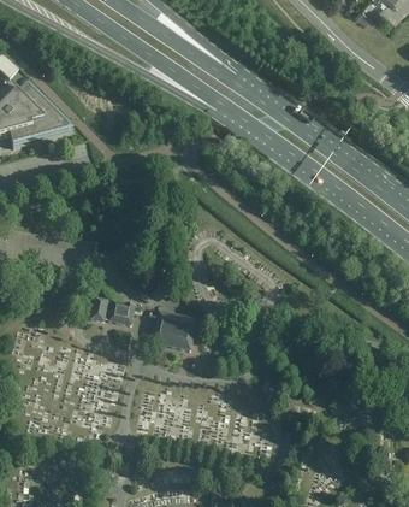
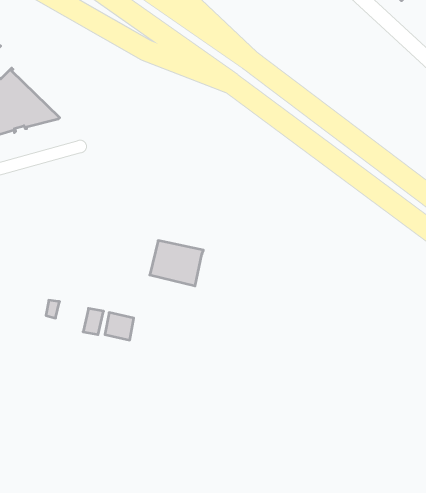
building: [149,312,196,352] -> [150,241,203,286]

